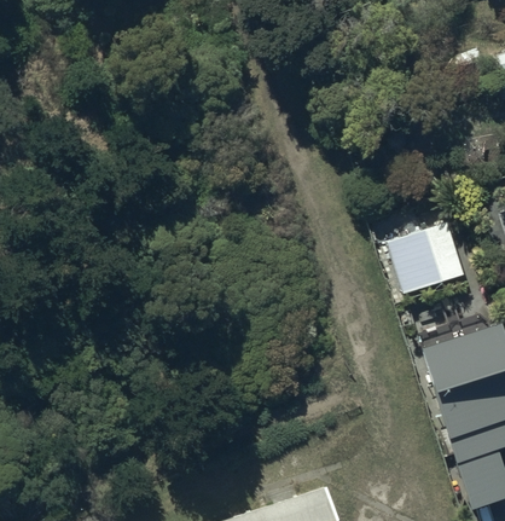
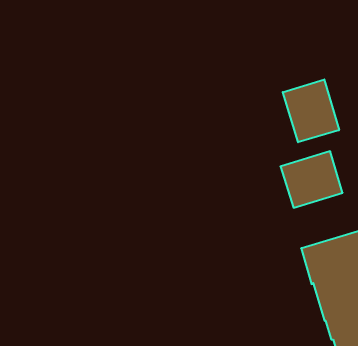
building: none -> [283,79,339,142]

